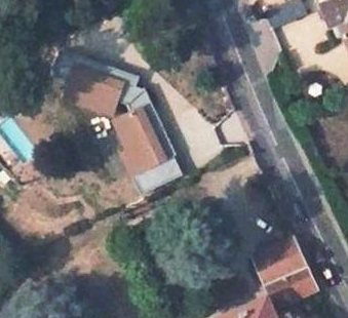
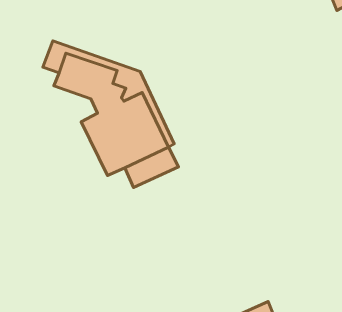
building: [250,236,315,305] -> none

